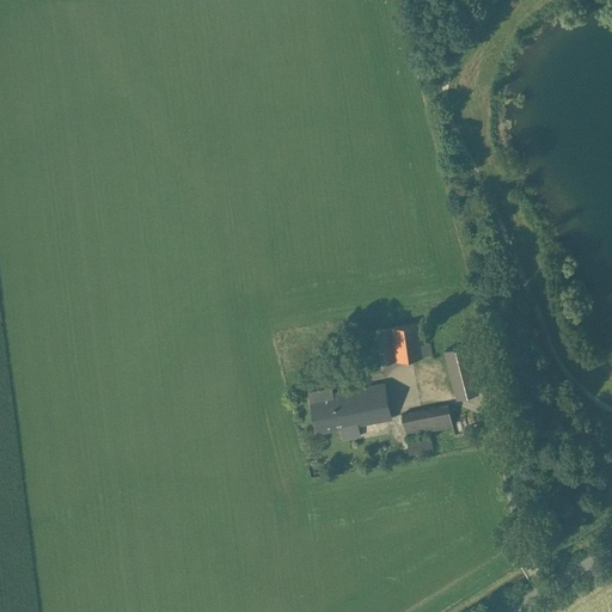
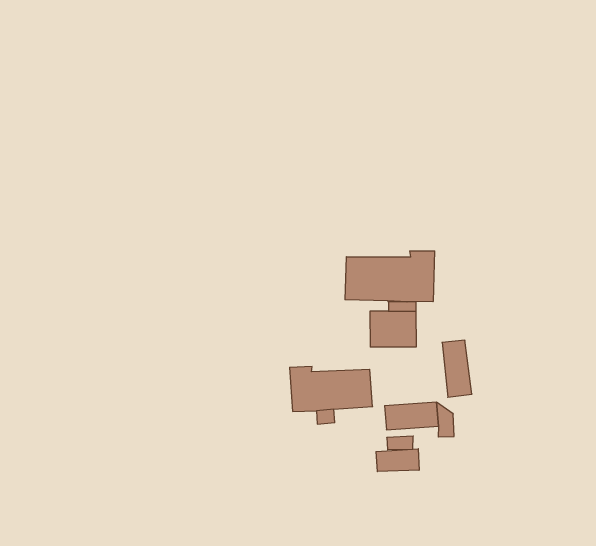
building: none -> [345,251,435,302]
building: none -> [376,449,419,472]

